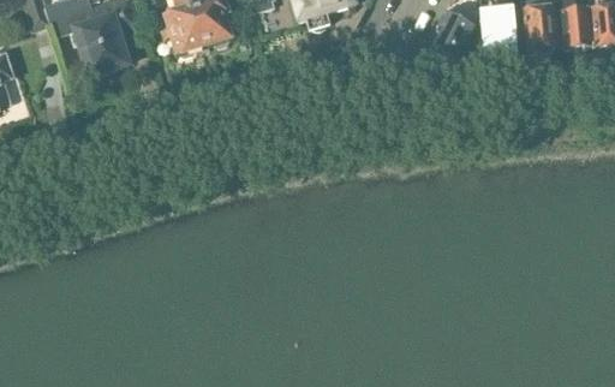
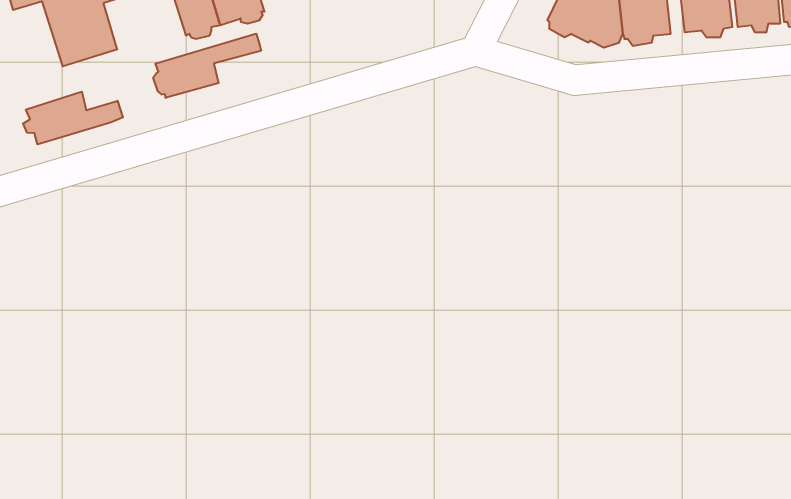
building: none -> [153,34,261,98]
building: none -> [23,92,123,144]

